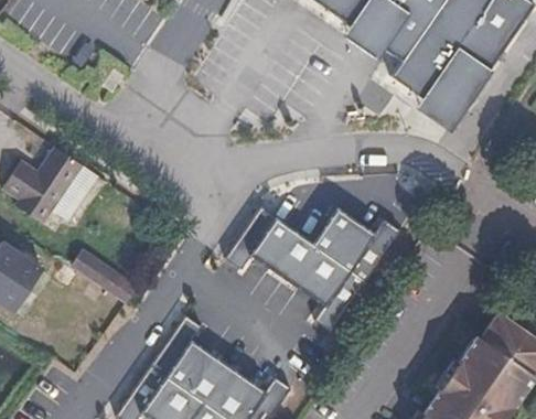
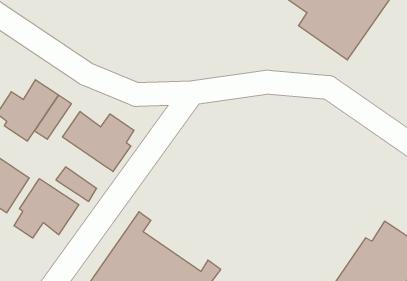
building: none -> [62,111,134,172]
building: [225,204,400,329] -> none
building: none -> [14,179,79,238]

